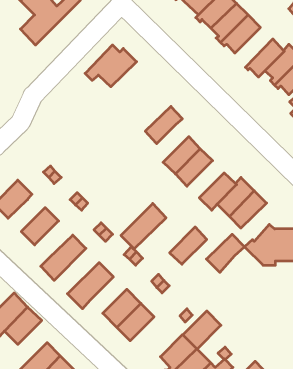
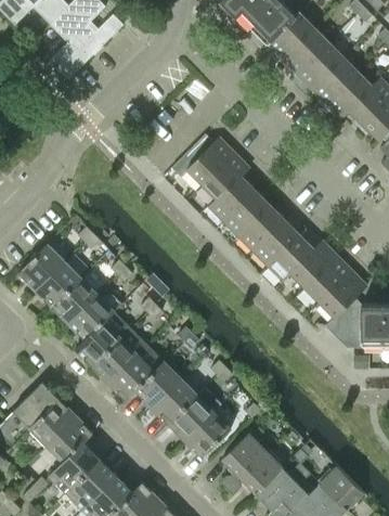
building: none -> [313,57,360,106]
building: [85,45,137,87] -> [172,133,235,184]
building: none -> [209,176,257,222]
building: none -> [36,261,81,307]
building: [121,203,166,249] -> [92,327,147,383]
building: none -> [68,294,122,339]
building: [170,227,207,264] -> [255,220,300,266]
building: [206,234,244,272] -> [321,272,367,319]
building: none -> [137,362,181,407]
building: [183,311,221,349] -> [185,411,232,457]
building: none -> [48,415,93,462]

